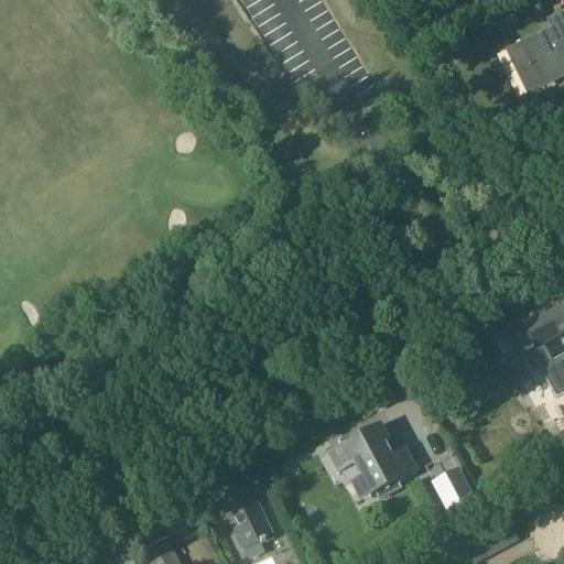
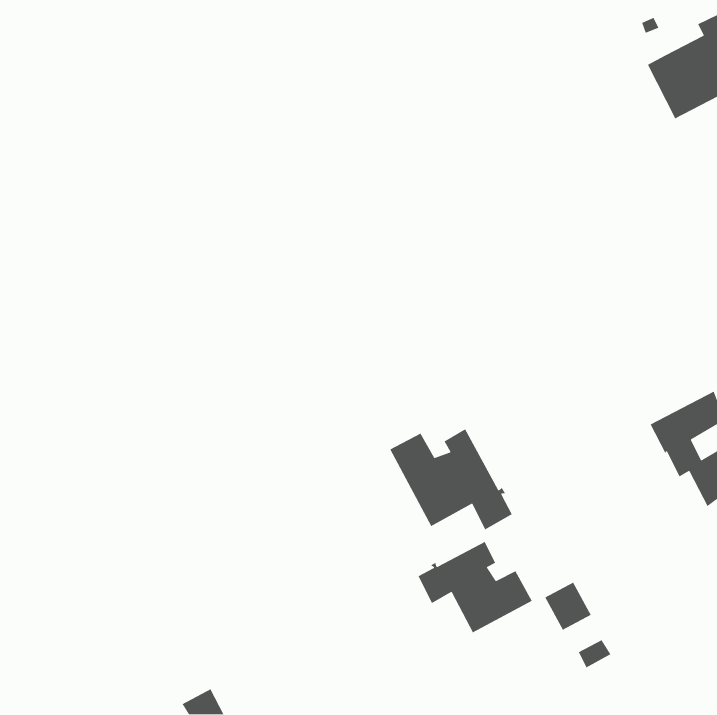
building: none -> [389,428,513,530]
building: [219,485,273,549] -> none

